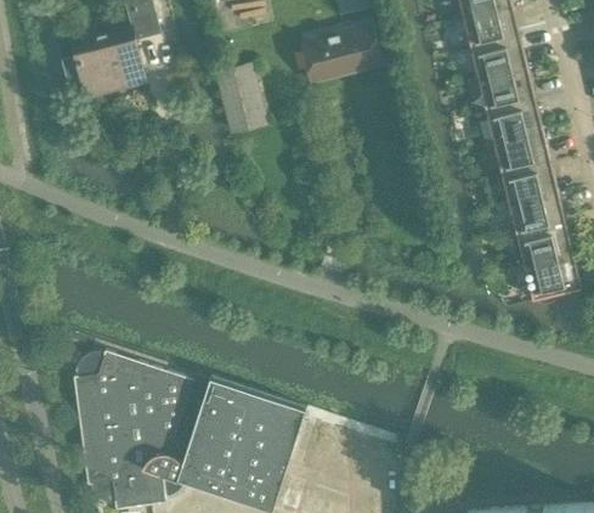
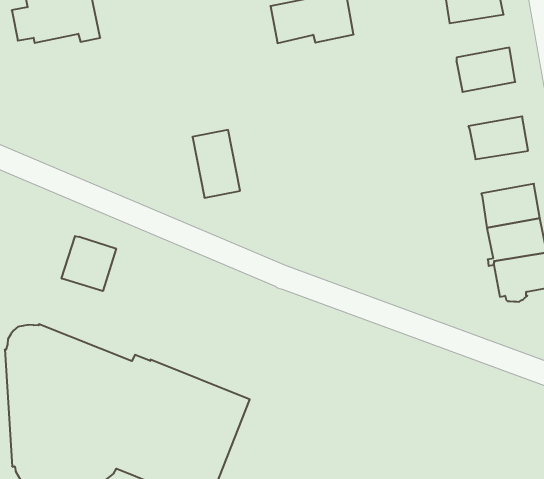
building: [469,38,526,85] -> none
building: [216,67,264,131] -> [192,130,240,198]
building: [485,100,542,147] -> none
building: [500,163,556,209] -> none
building: none -> [62,236,116,291]

